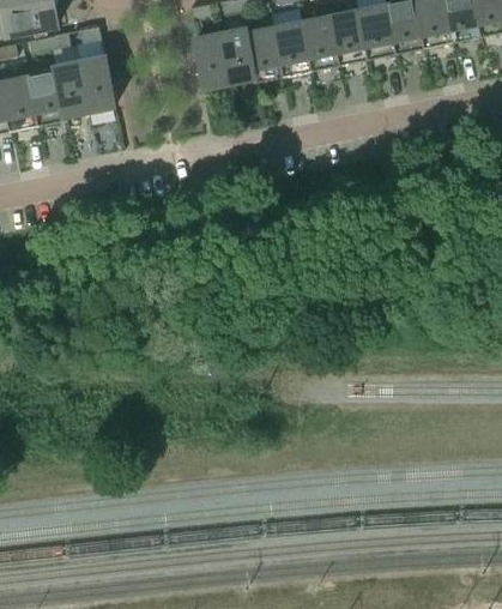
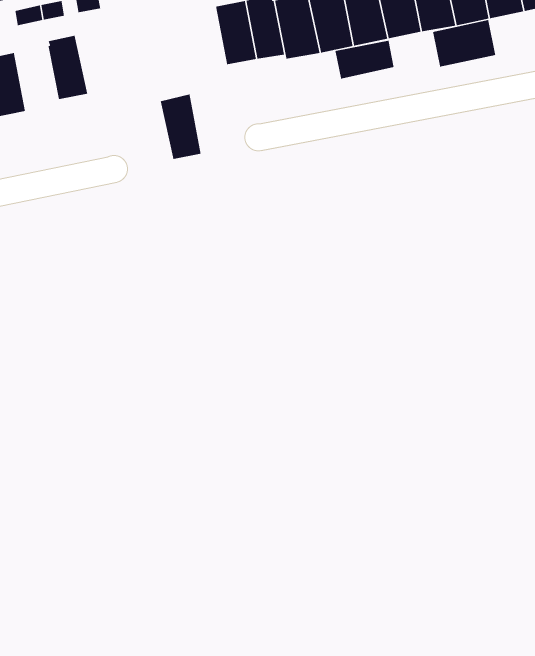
building: none -> [432,19,496,68]
building: [79,53,114,108] -> [160,94,202,160]
building: none -> [334,40,395,80]
building: [29,67,66,122] -> none

